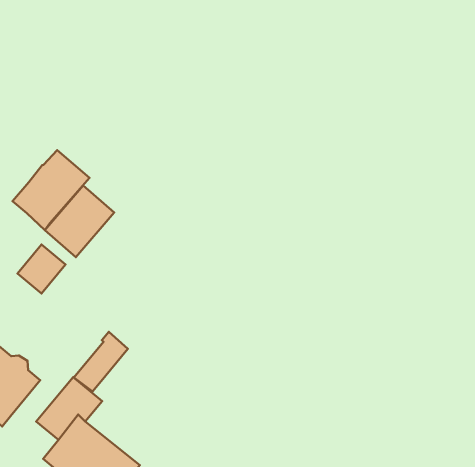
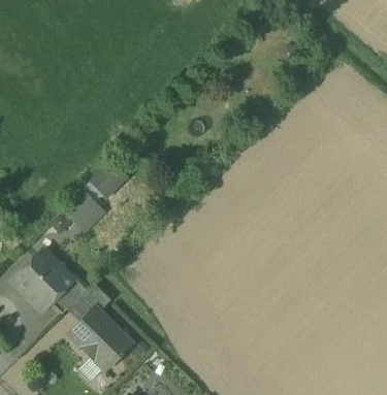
building: [13,150,90,230] -> none
building: [74,332,128,392] -> [50,276,87,315]

